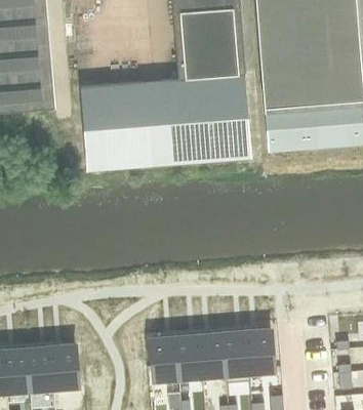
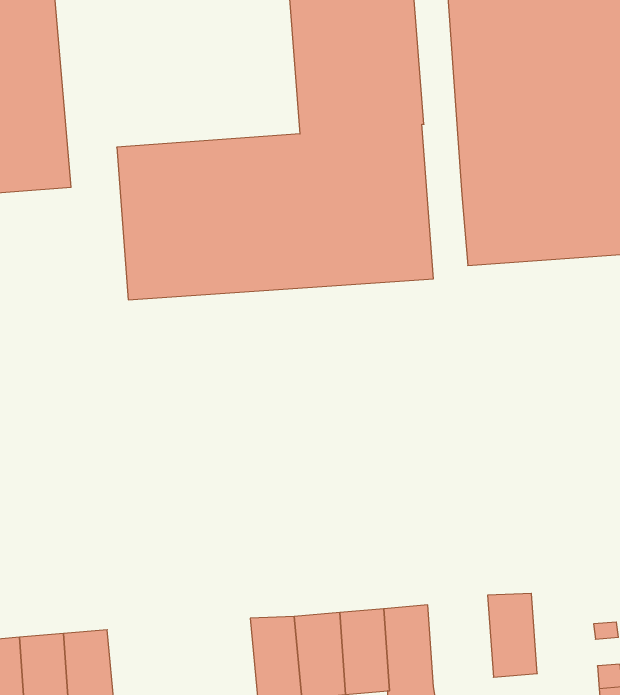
building: [247,331,274,376] -> [488,593,537,677]

